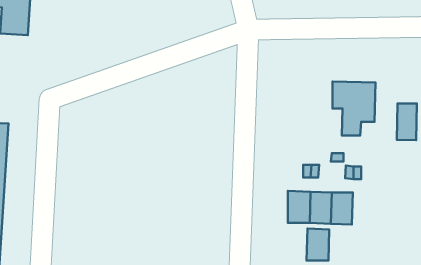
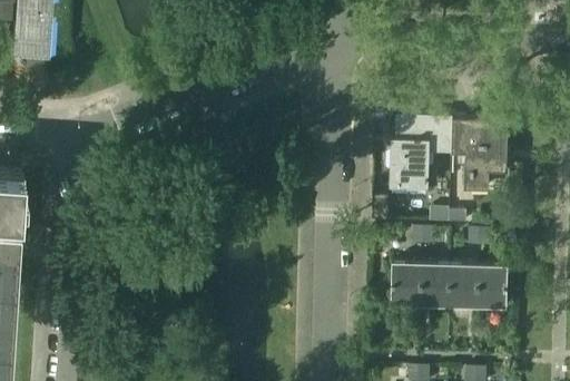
building: none -> [390,117,451,189]
building: [397,104,417,140] -> none
building: [306,229,329,261] -> [476,266,507,309]

